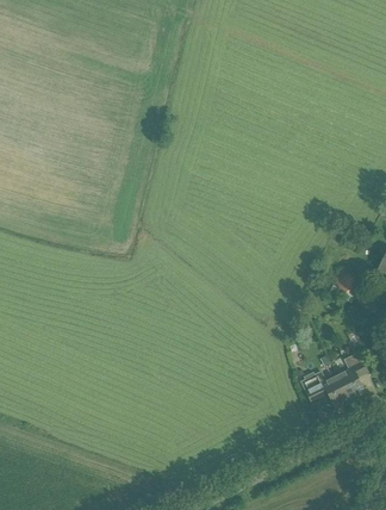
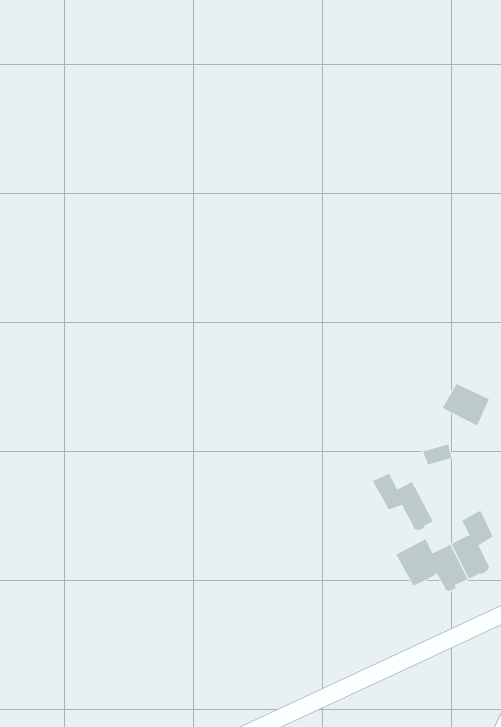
building: none -> [372,473,434,531]

